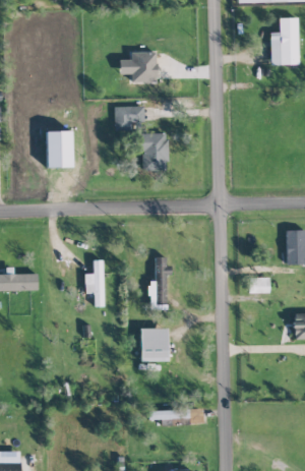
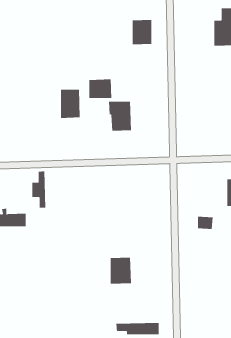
building: [131,51,157,82] -> [132,19,152,45]
building: [47,131,72,168] -> [60,89,81,118]
building: [149,256,172,309] -> none
building: [85,259,104,306] -> [31,171,46,208]

